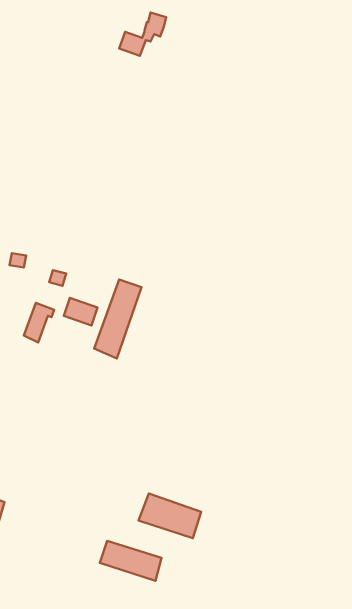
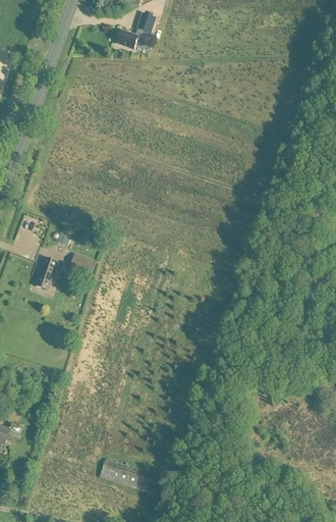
building: [94,279,142,358] -> none
building: [139,494,201,538] -> none

